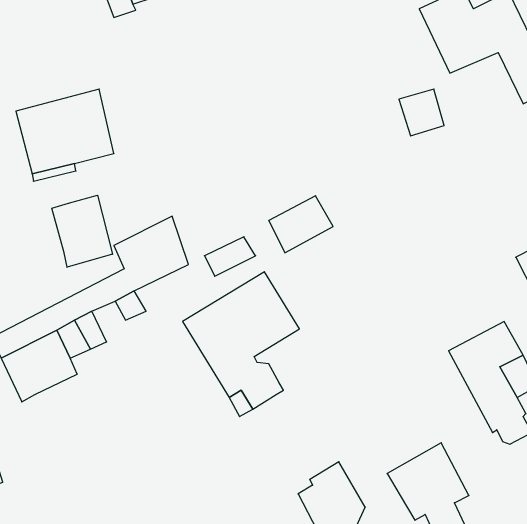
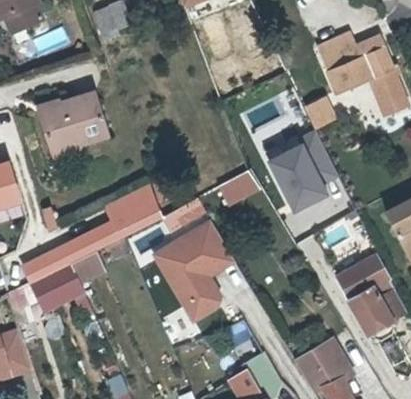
building: none -> [261,132,334,213]
building: [52,195,113,267] -> none

